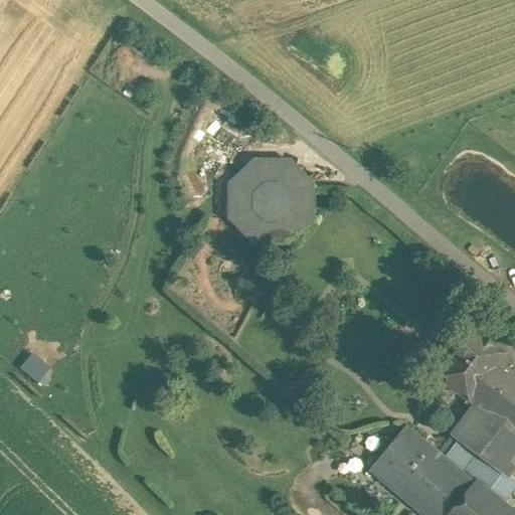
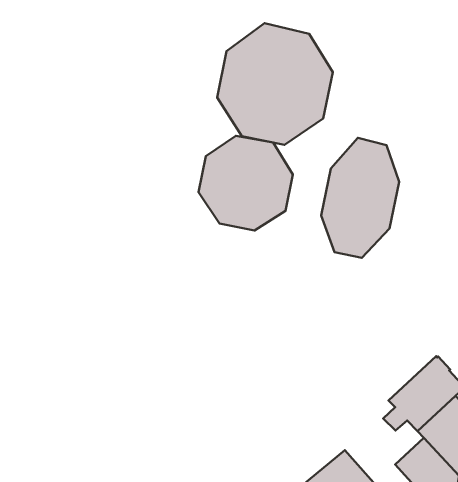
building: none -> [217,23,333,145]
building: none -> [321,138,399,258]

